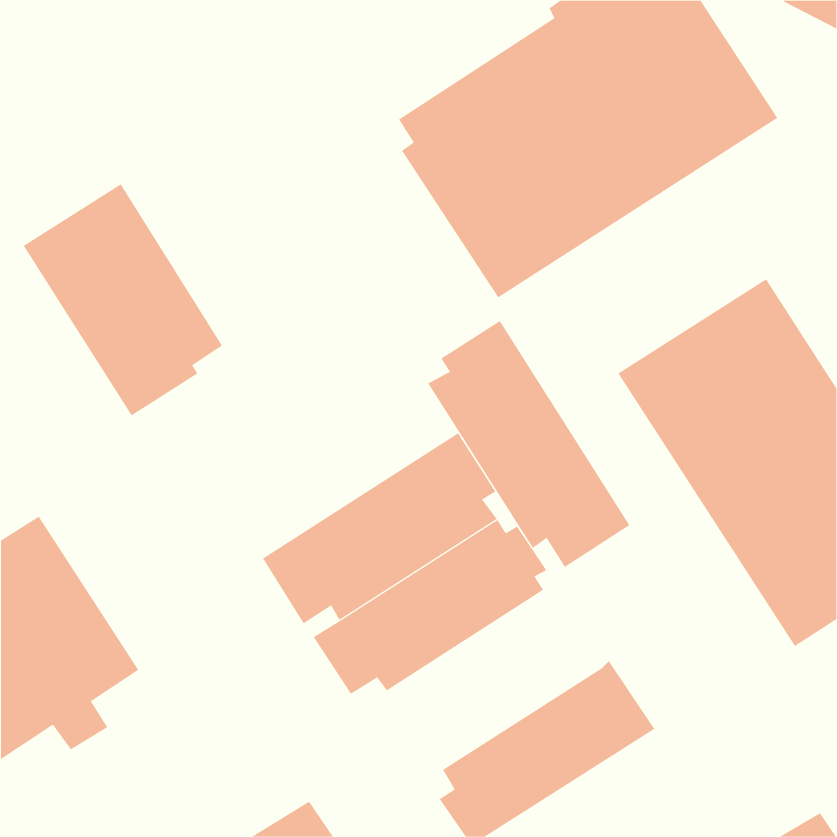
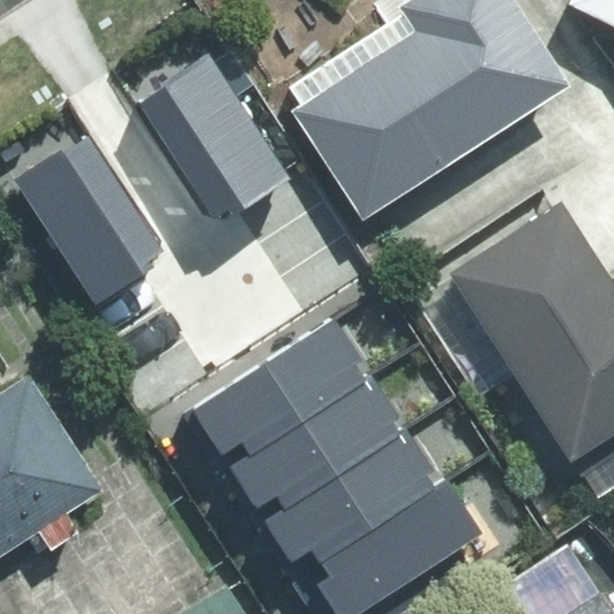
building: none -> [138,55,289,217]
building: [427,320,630,568] -> none
building: none -> [270,432,440,564]

